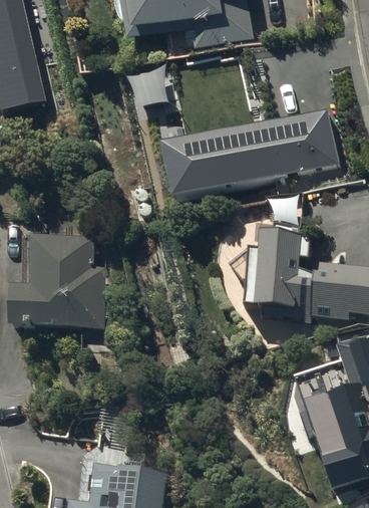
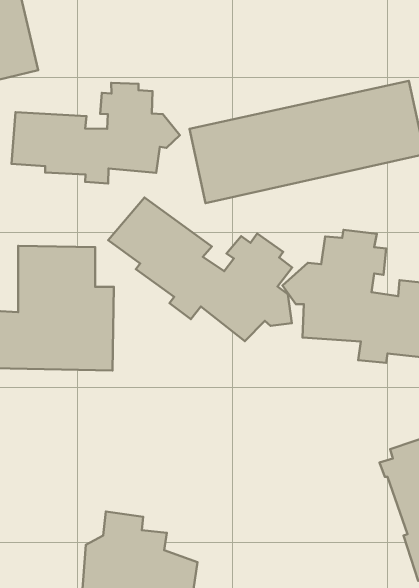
building: none -> [12,83,180,183]
building: none -> [108,198,292,341]

